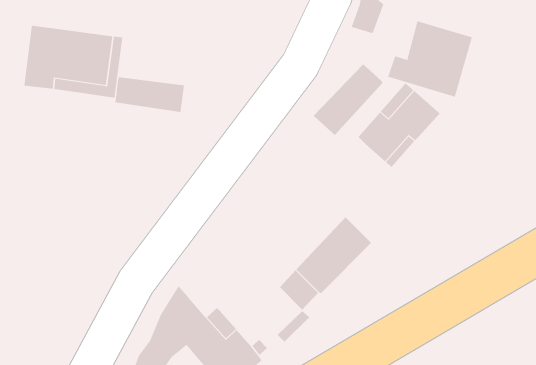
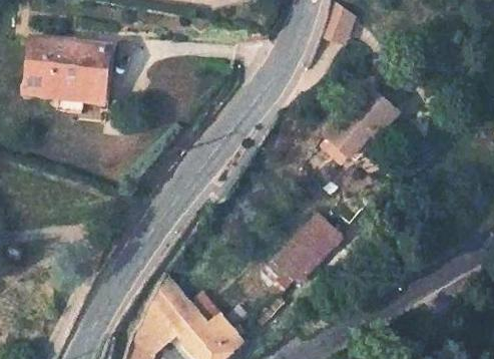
building: [388,20,473,98] -> none
building: [313,64,383,136] -> none
building: [115,76,184,113] -> none

